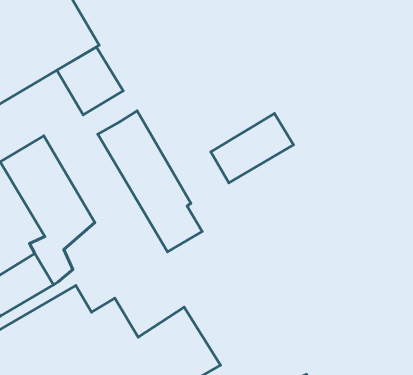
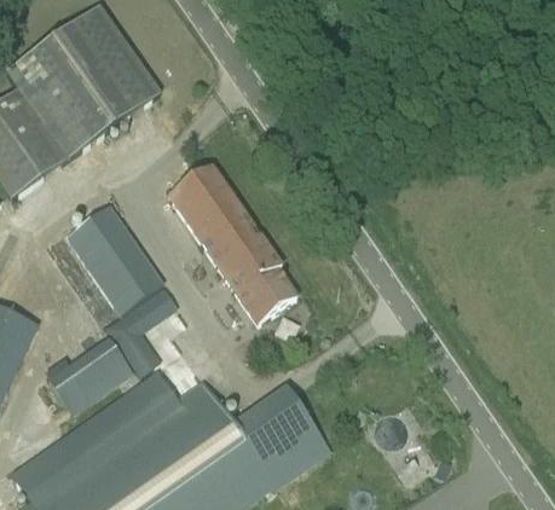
building: [57,47,123,115] -> none
building: [211,113,294,183] -> none

